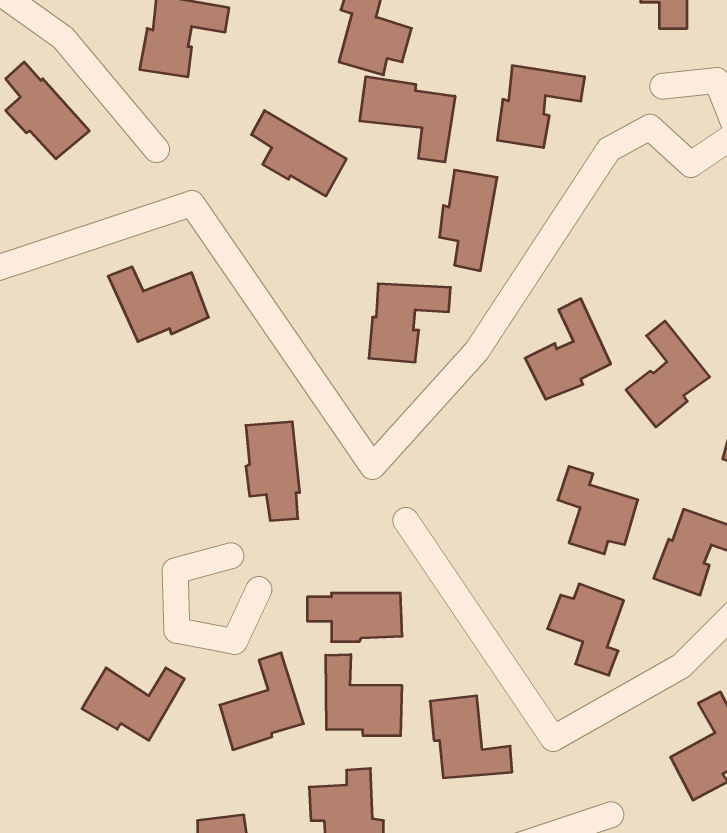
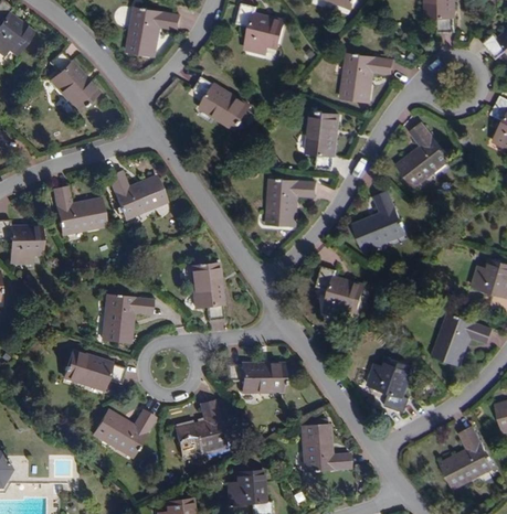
building: [360,77,455,162] -> none
building: none -> [54,188,108,232]
building: [626,321,710,427] -> [400,124,450,186]
building: [558,466,638,554] -> [319,265,367,317]
building: none -> [99,291,159,342]
building: none -> [63,350,124,390]
building: [326,654,402,736] -> none

